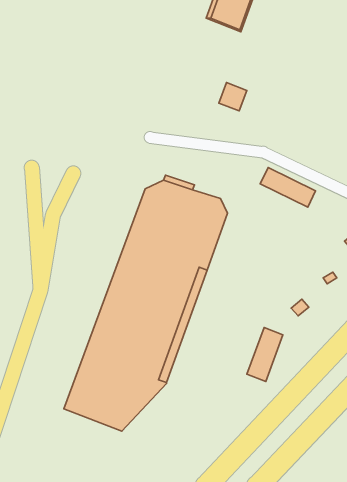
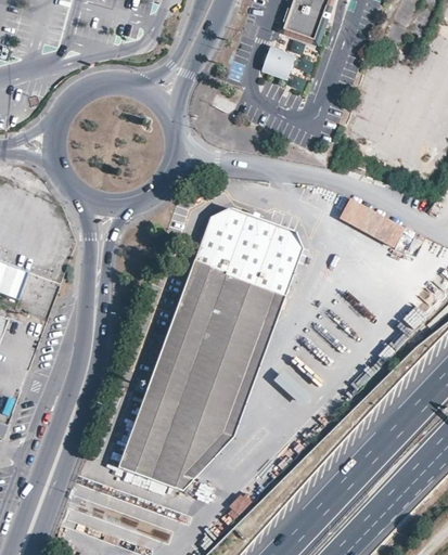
building: [219,83,247,111] -> [261,47,293,78]
building: [247,328,283,381] -> none

